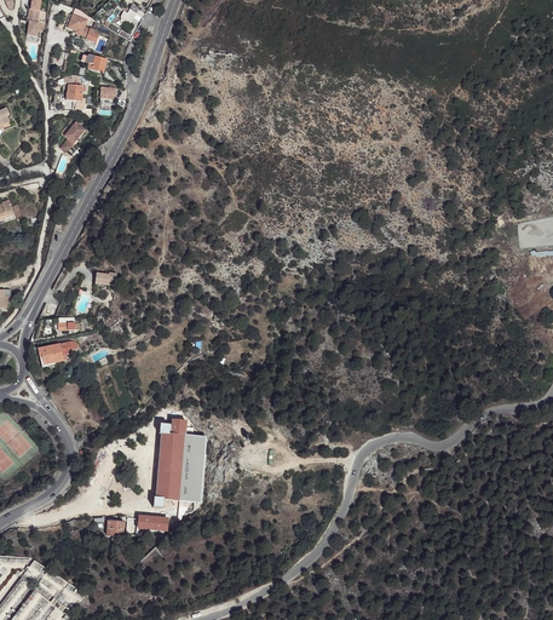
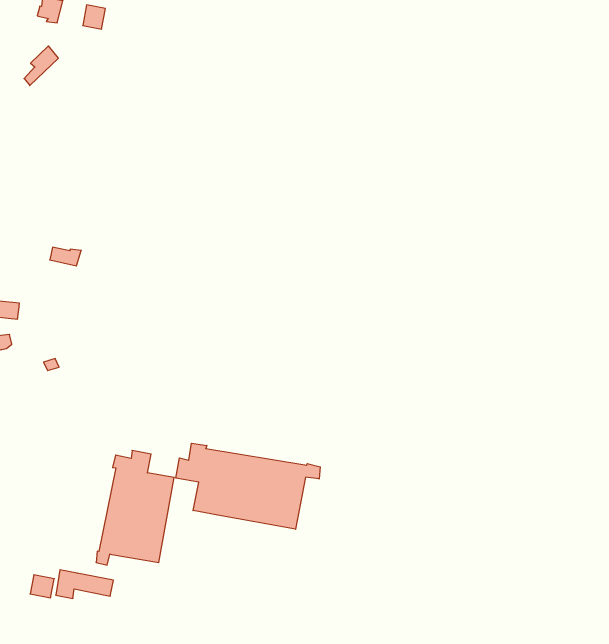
building: none -> [176,443,320,529]

